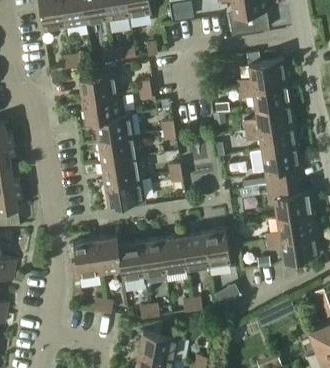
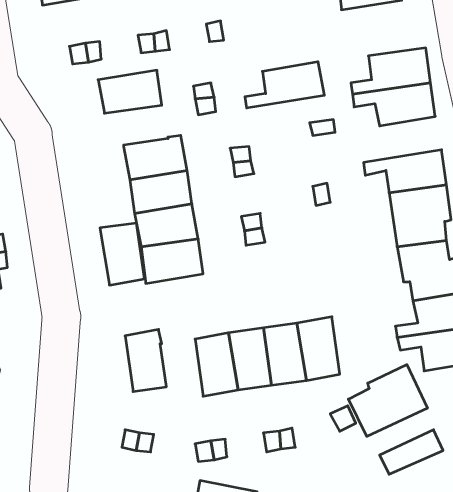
building: [82,96,122,123] -> none
building: [244,103,294,132] -> [245,62,324,108]
building: [72,241,100,280] -> [100,223,144,285]
building: [117,243,144,282] -> none
building: none -> [348,365,427,436]

